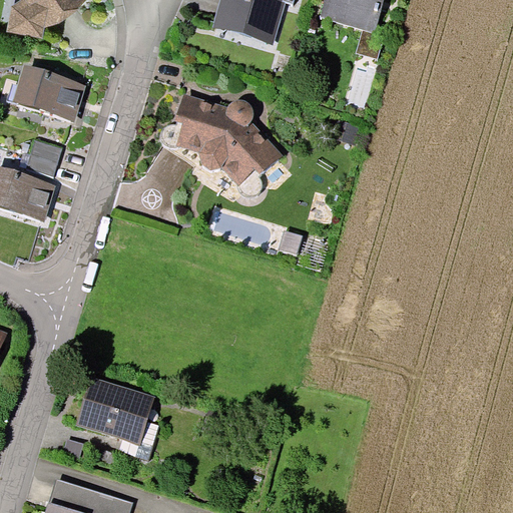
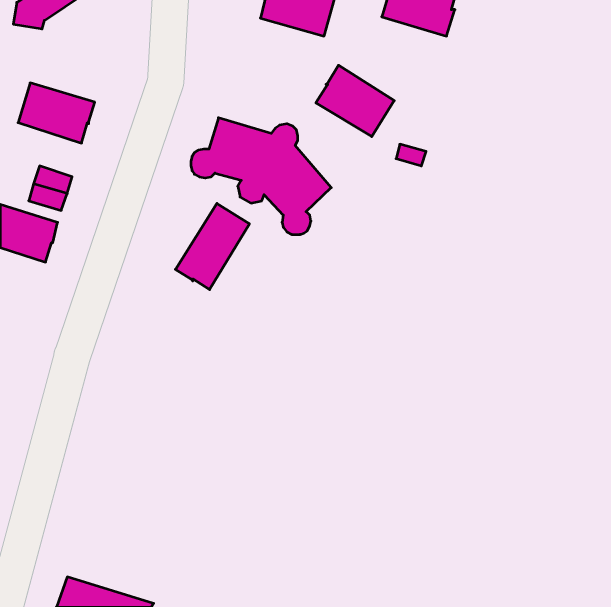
building: none -> [316,65,394,137]
building: none -> [175,203,249,290]
building: [83,382,158,458] -> none

